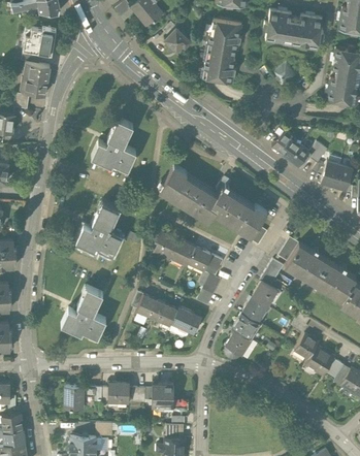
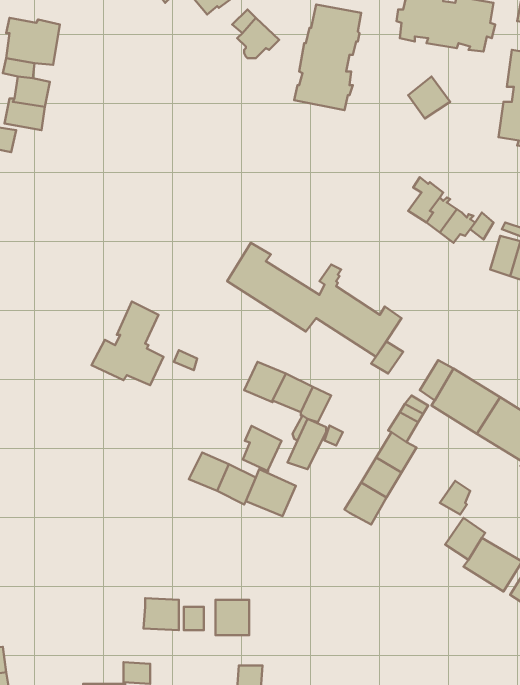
building: [92,117,136,168] -> none
building: [155,229,178,257] -> [243,426,282,471]
building: [61,286,106,337] -> none
building: [225,331,251,360] -> none
building: [64,386,96,410] -> none

